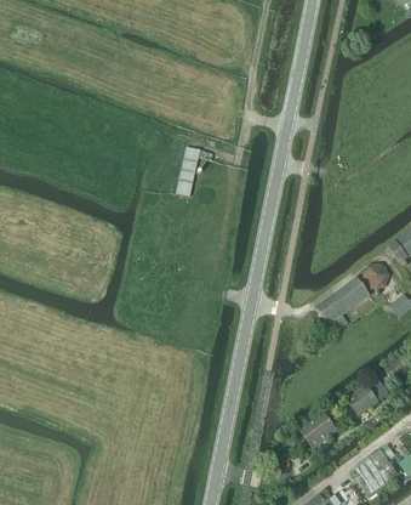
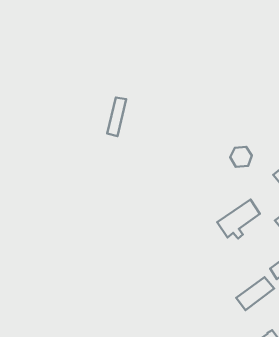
building: [363,262,390,288] -> [230,147,252,167]
building: [302,413,337,447] -> none

